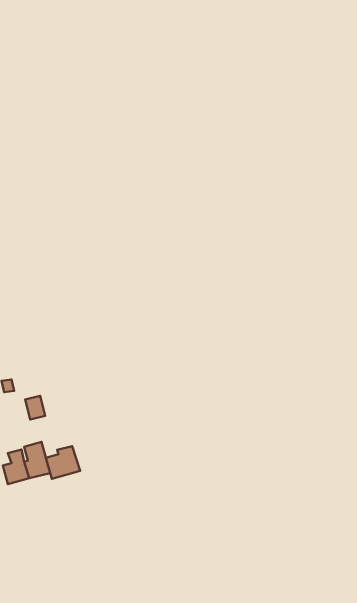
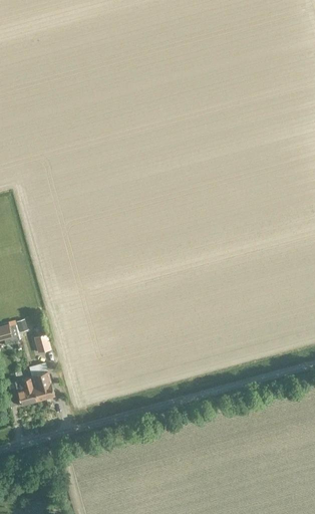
building: [46,446,80,479] -> none

